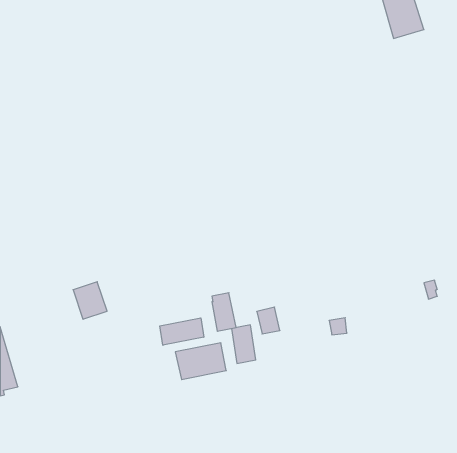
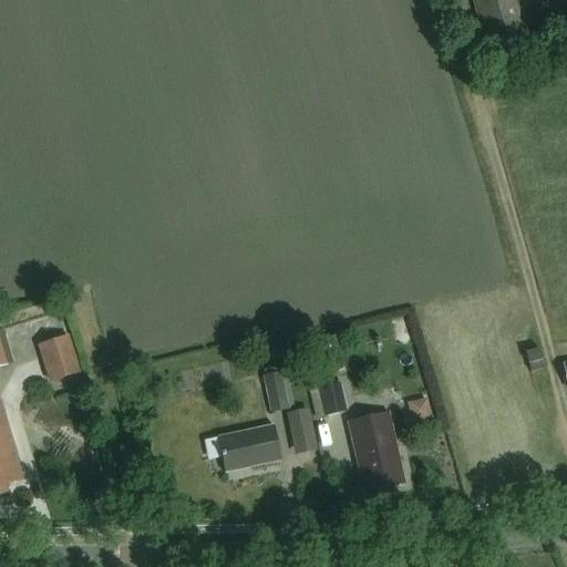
building: [73,282,107,319] -> [38,332,80,379]
building: [160,318,204,345] -> none
building: none -> [347,411,403,491]

